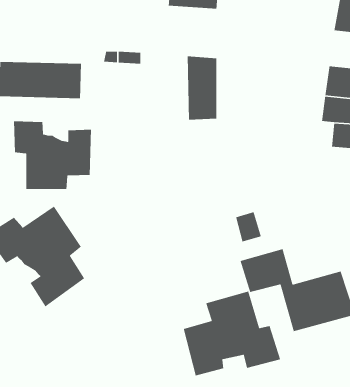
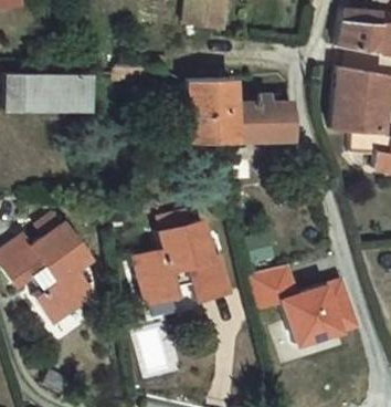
building: none -> [224,74,292,137]
building: [13,121,92,190] -> none
building: [183,290,281,377] -> [136,221,233,306]

